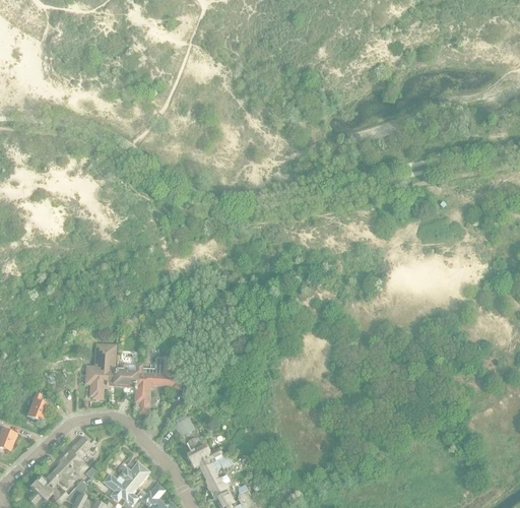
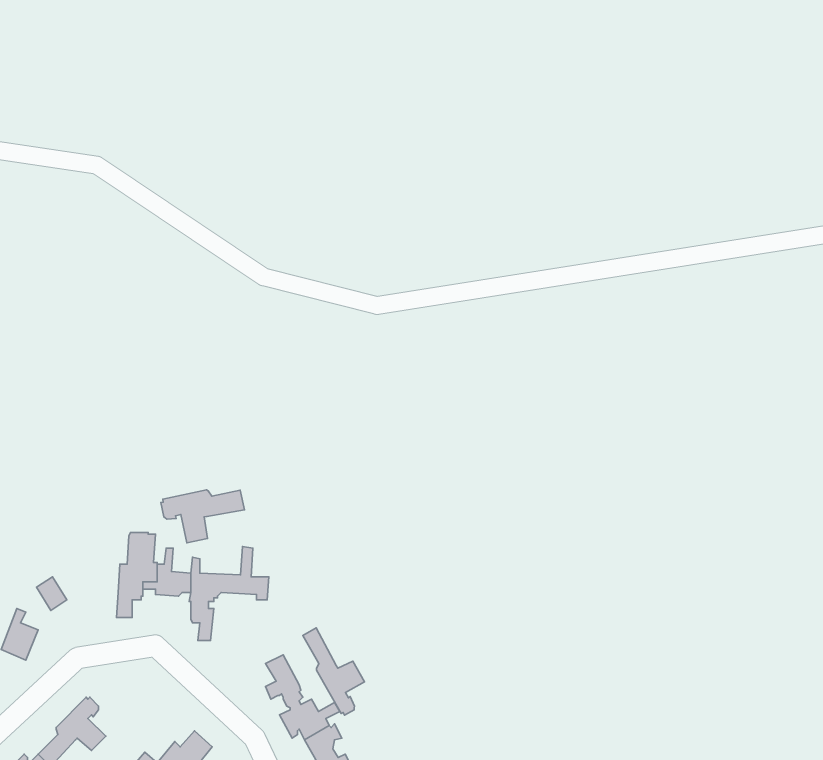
building: none -> [161,490,244,543]
building: none -> [303,628,364,715]

